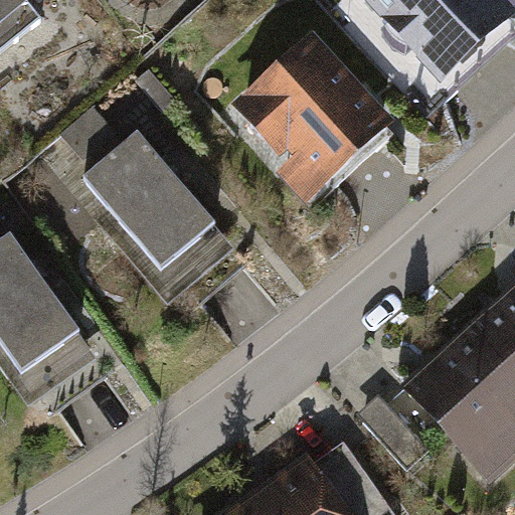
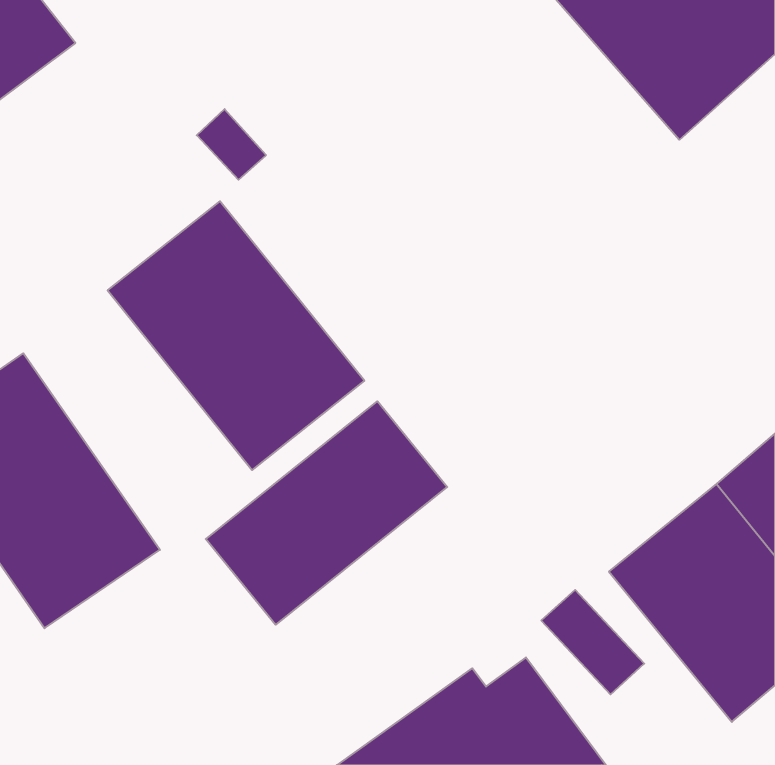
building: [225,43,398,205] -> none
building: none -> [206,401,447,625]

